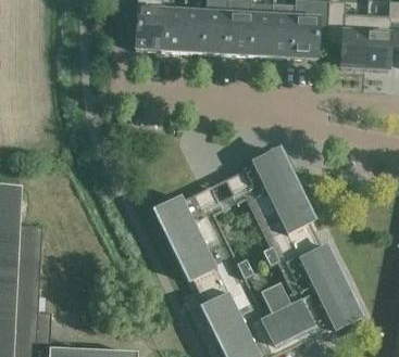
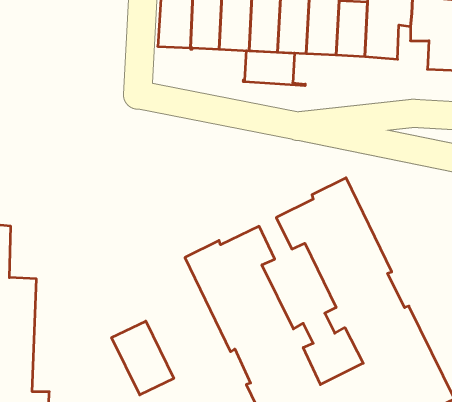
building: none -> [243,51,305,86]
building: none -> [112,321,174,395]

